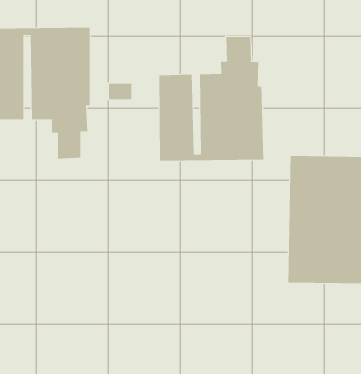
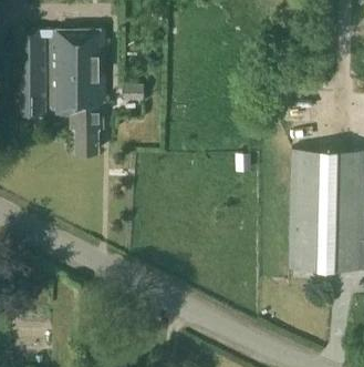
building: [159,36,264,161] -> none

